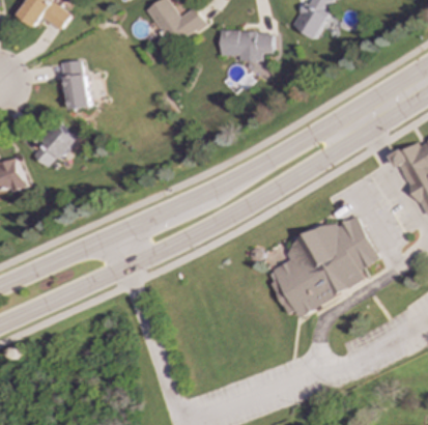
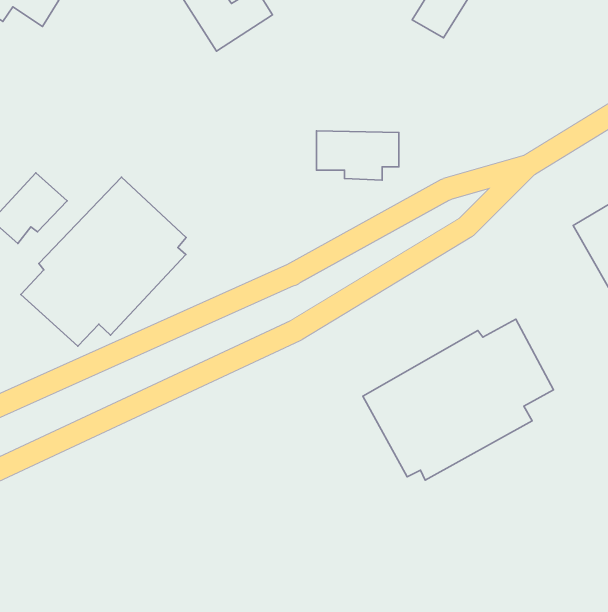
building: [219,30,270,61] -> [317,131,399,180]
building: [62,60,84,108] -> none
building: none -> [21,177,186,346]

